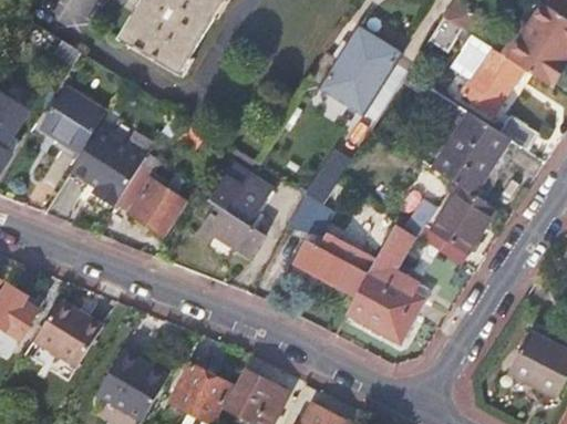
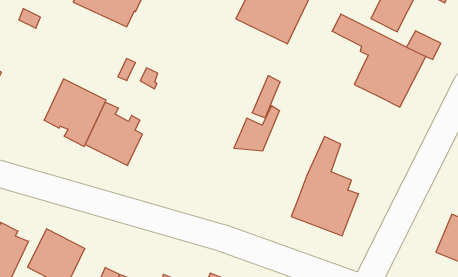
building: [41,90,102,149] -> none
building: [199,163,272,257] -> none
building: [419,186,496,265] -> none
building: [295,234,368,294] -> none

